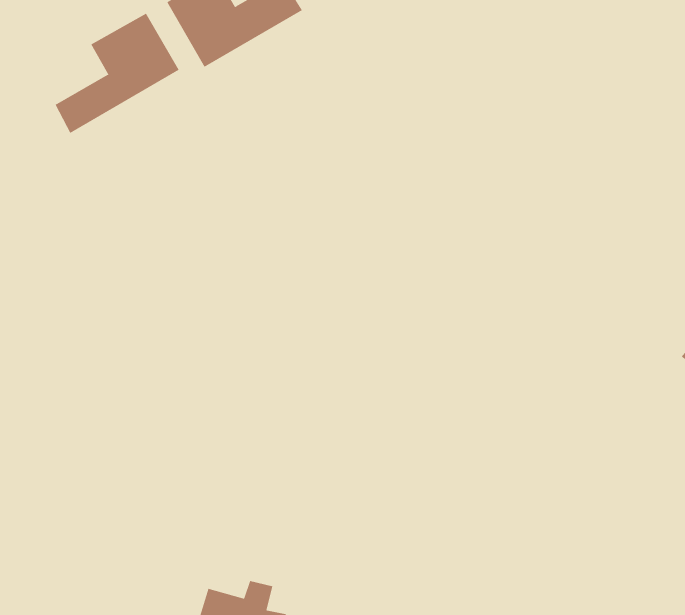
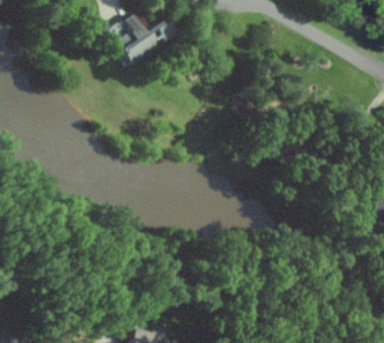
building: [55,13,180,134] -> none

